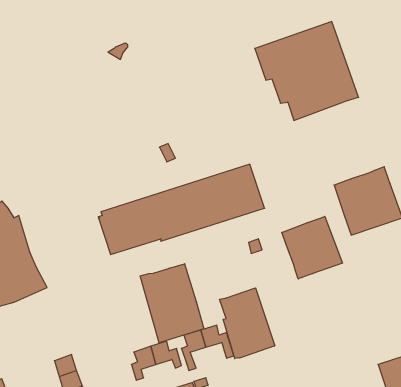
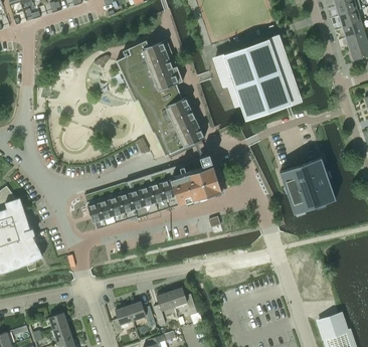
building: none -> [117,39,204,156]
building: [282,216,342,279] -> none
building: [140,264,204,343] -> none
building: [220,288,275,359] -> none

